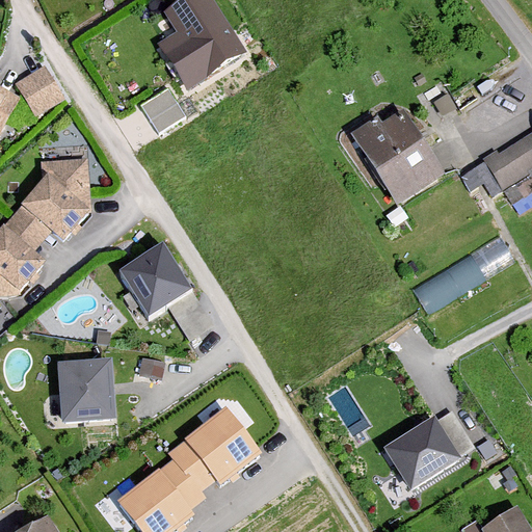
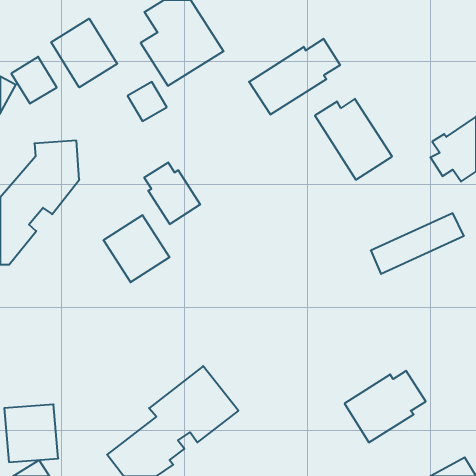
building: none -> [51,19,117,87]
building: none -> [249,39,340,115]
building: none -> [144,162,200,224]
building: [53,356,113,421] -> [4,404,58,462]

